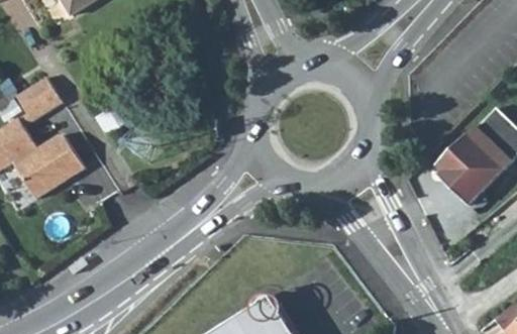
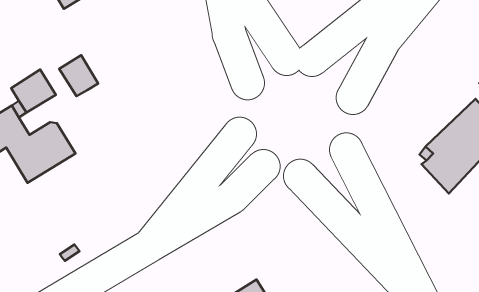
building: none -> [59,55,98,96]

